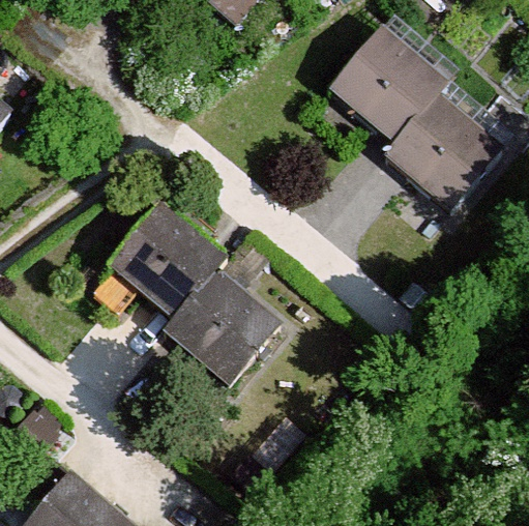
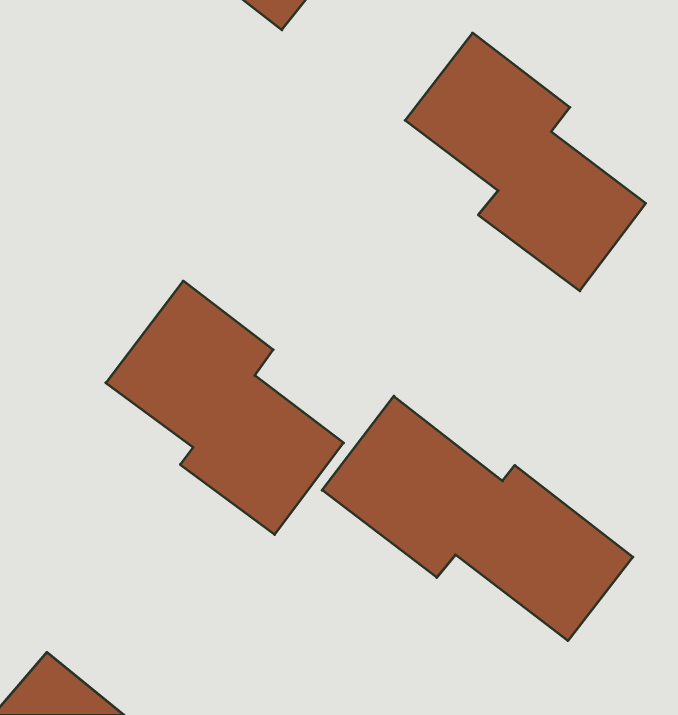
building: none -> [322,396,633,641]

